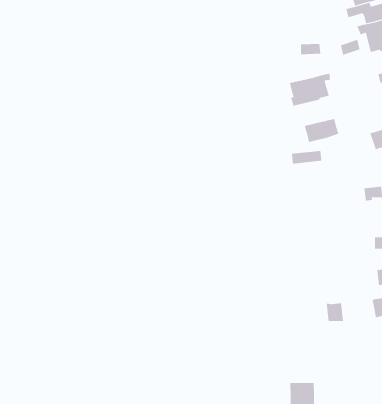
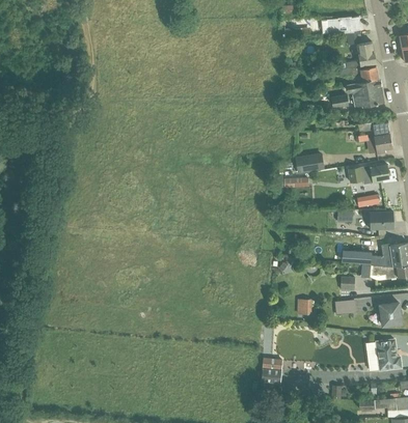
building: [289,73,331,106] -> none

